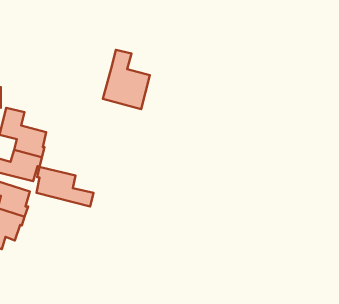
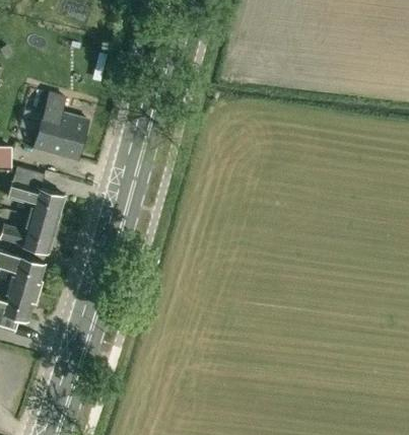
building: [103,50,150,109] -> [32,91,87,160]
building: [37,167,93,206] -> none

